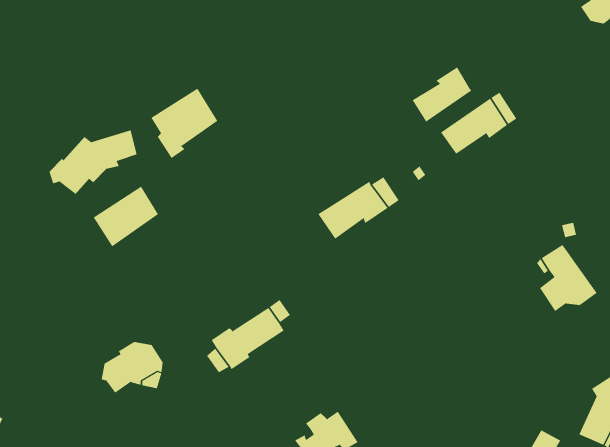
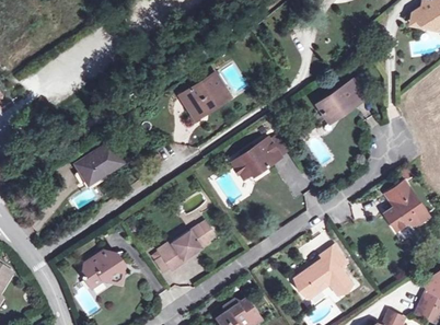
building: [412,66,472,122] -> none
building: [151,88,218,159] -> [181,73,228,123]
building: [49,130,137,195] -> none
building: none -> [293,246,351,298]

